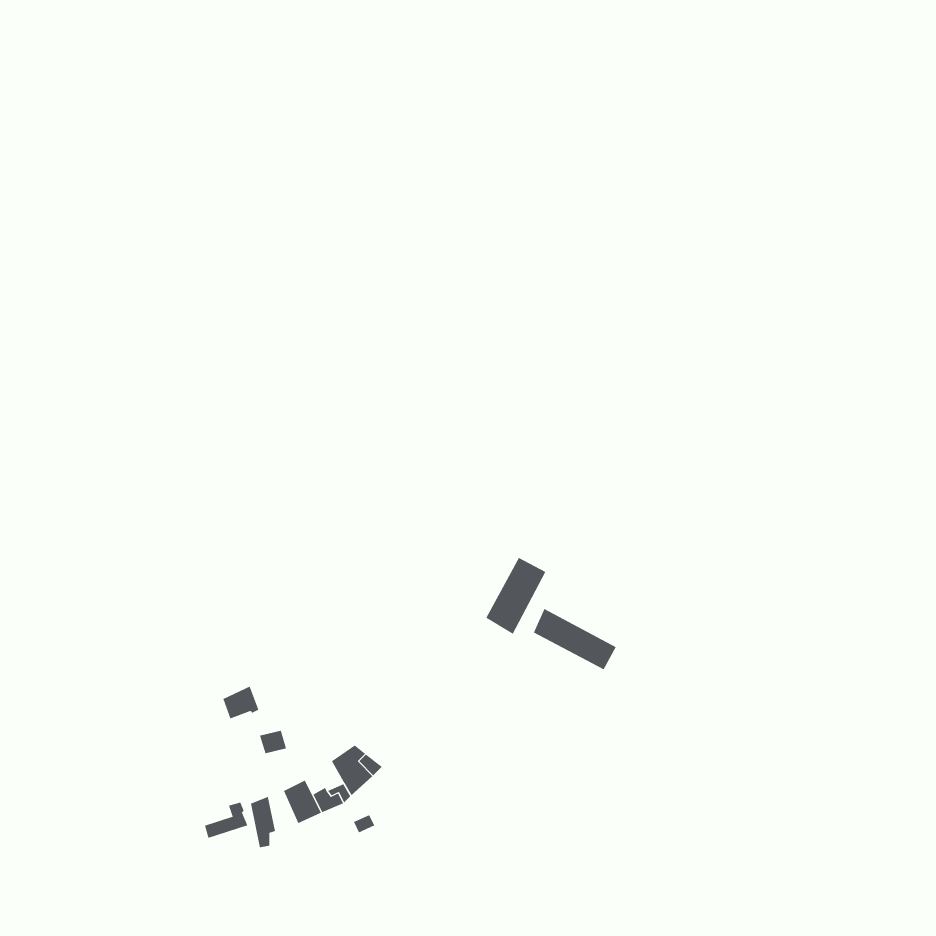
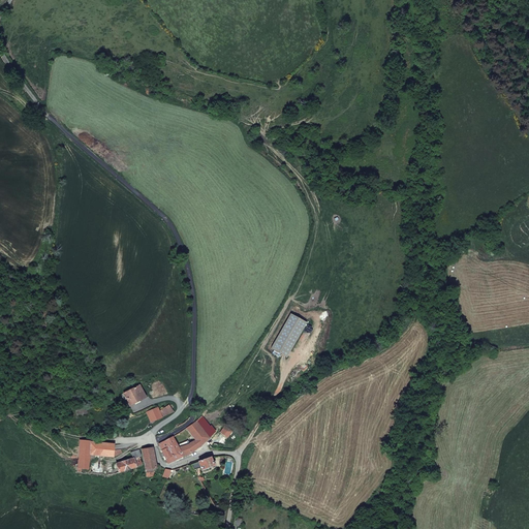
building: [533,608,616,670] -> none
building: none -> [75,439,119,460]

